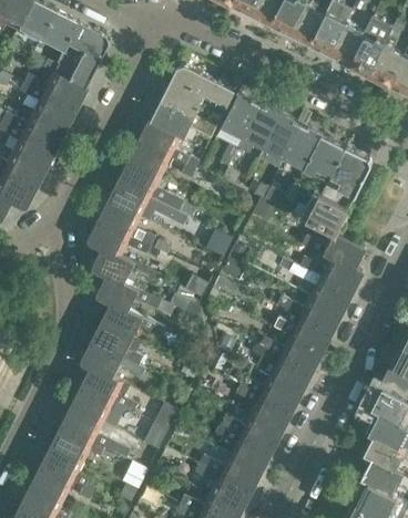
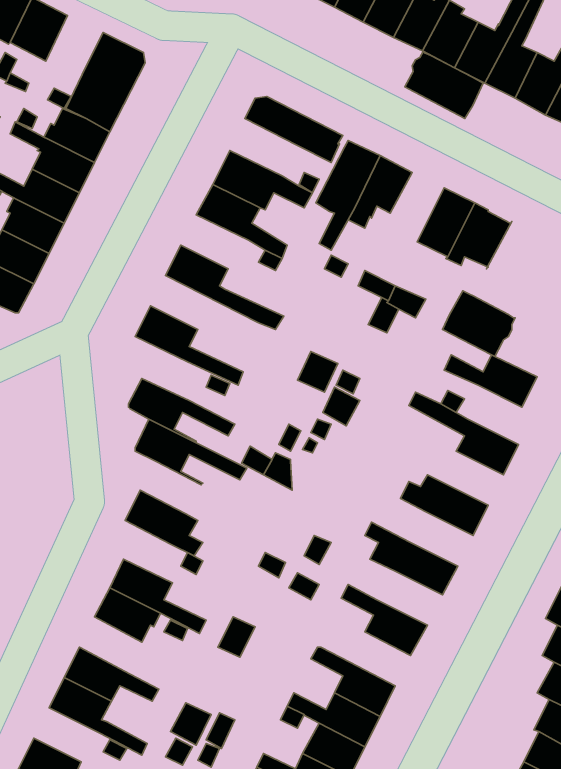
building: [40,11,78,52] -> none
building: none -> [405,51,483,118]
building: [161,79,205,116] -> none
building: [266,114,302,159] -> none
building: [129,142,173,177] -> none
building: [329,146,371,198] -> none
building: [109,182,180,220] -> none
building: [90,221,140,263] -> none
building: [317,253,360,292] -> none
building: [267,292,340,332] -> none
building: [102,303,164,338] -> none
building: [258,336,320,372] -> none
building: [82,342,123,383] -> none
building: [238,375,300,411] -> none
building: [62,405,130,458] -> none
building: [221,415,279,450] -> none
building: [32,465,75,500] -> none

